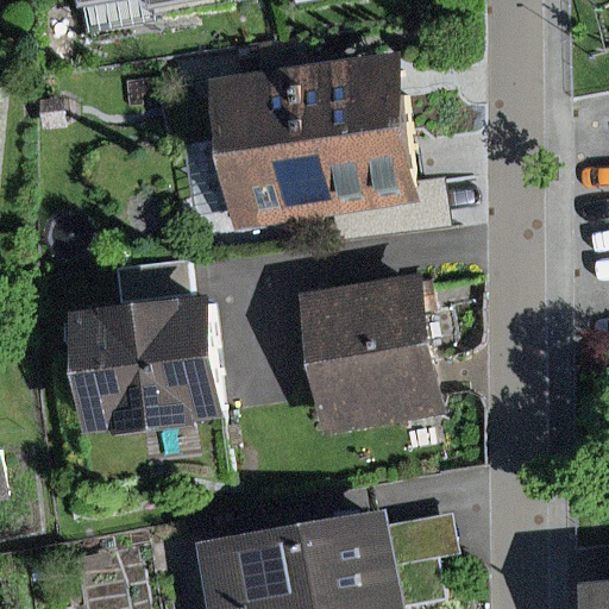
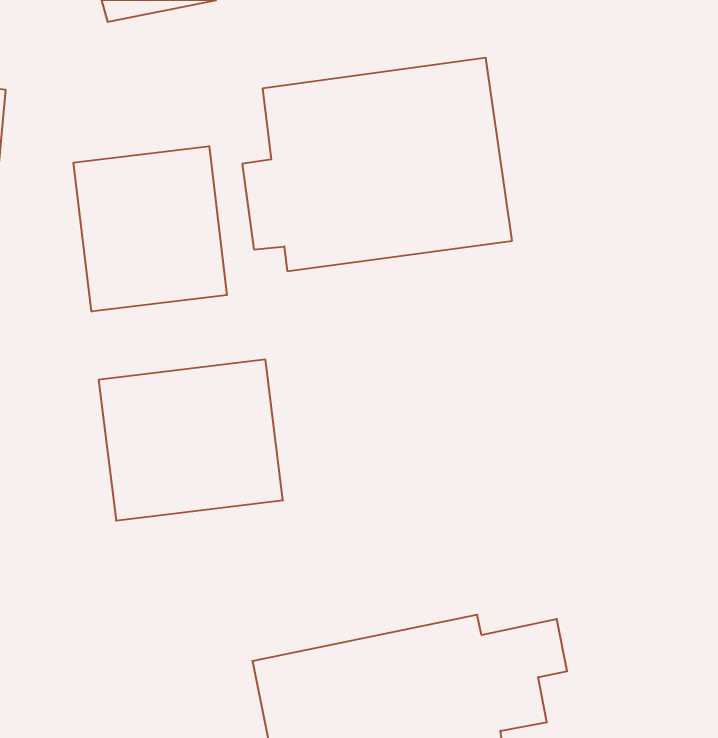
building: none -> [74,146,227,312]
building: [306,272,454,434] -> none

